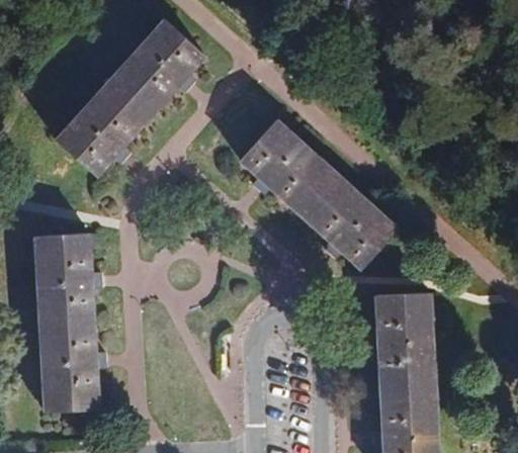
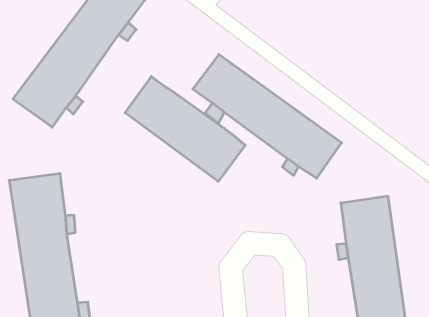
building: none -> [125,76,245,181]

